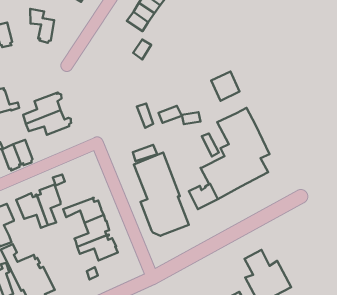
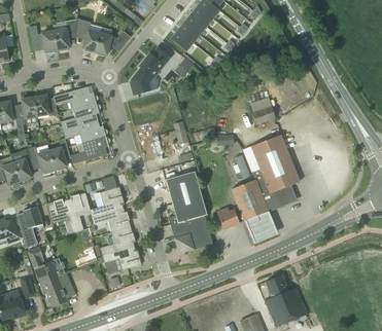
building: none -> [54,19,77,51]
building: none -> [95,31,131,57]
building: none -> [130,46,171,96]
building: none -> [53,86,98,109]
building: none -> [70,137,110,164]
building: none -> [90,187,125,217]
building: none -> [244,211,278,244]

